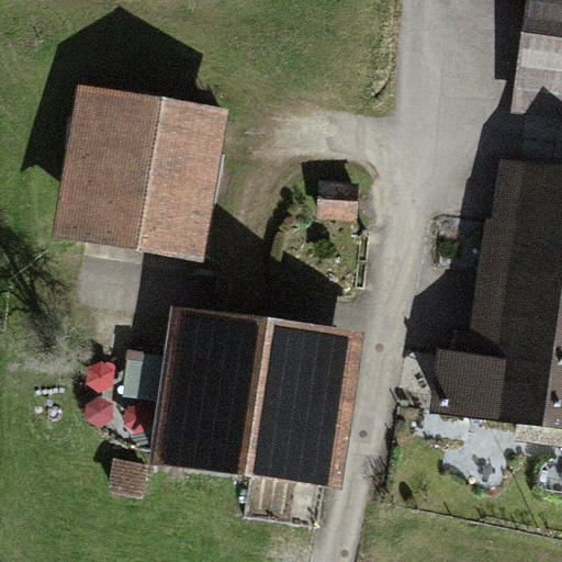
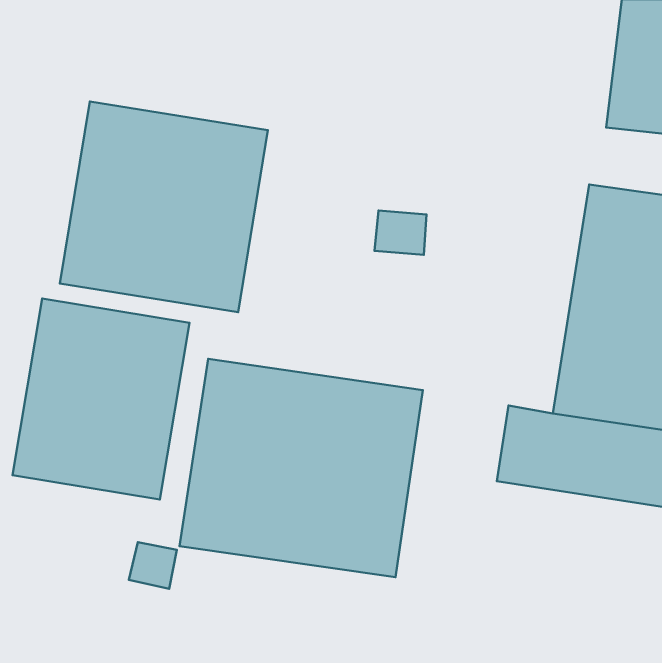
building: none -> [13,299,189,499]

